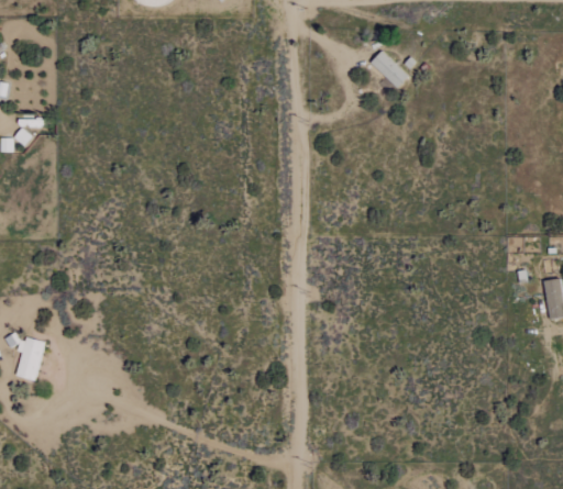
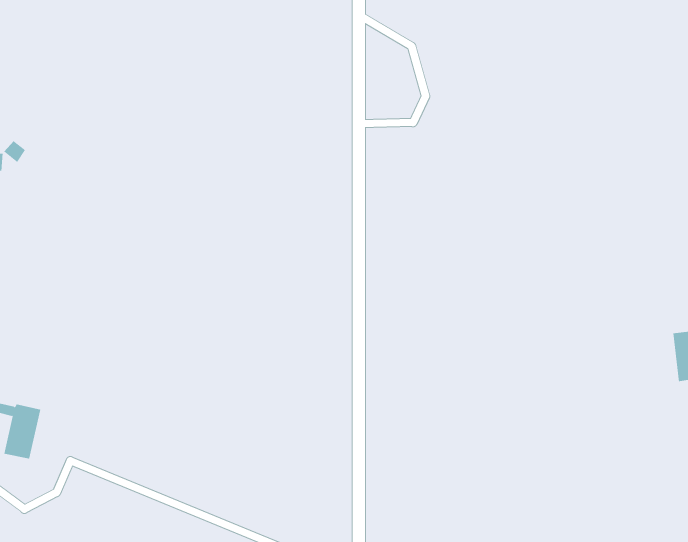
building: [369,51,408,88] -> none

